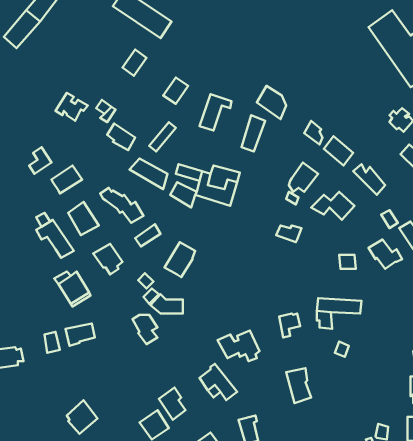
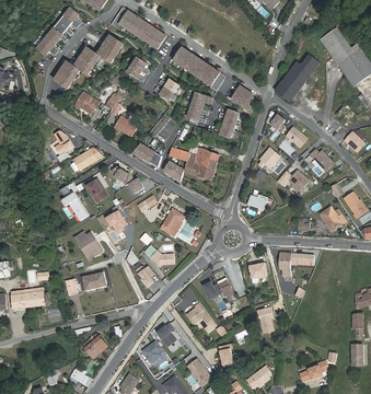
building: none -> [54,36,123,89]
building: none -> [173,47,220,85]
building: none -> [275,56,320,102]

